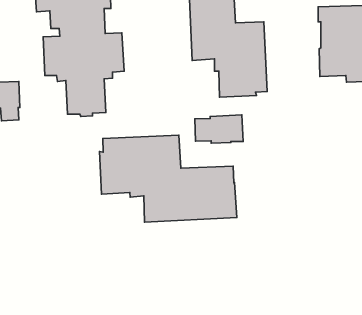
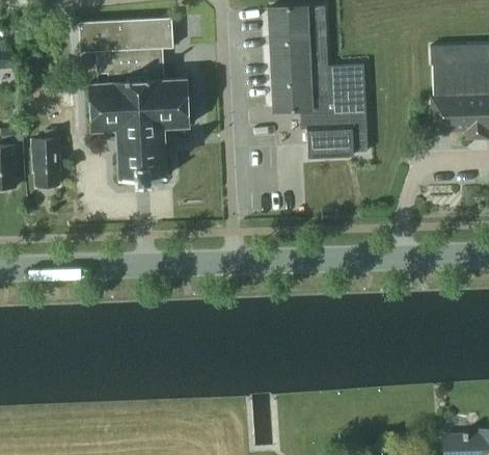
building: [195,115,243,143] -> none
building: [99,135,237,222] -> none

